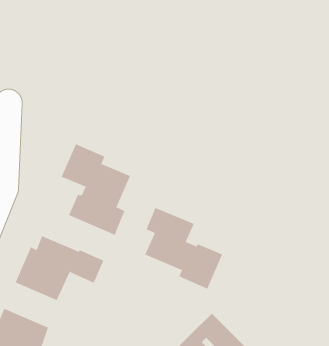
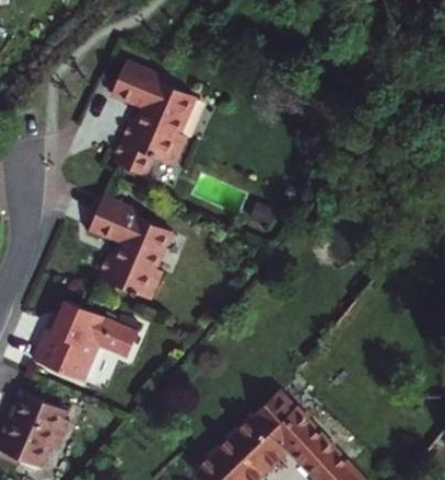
building: none -> [110,59,201,175]
building: [144,207,223,290] -> none

